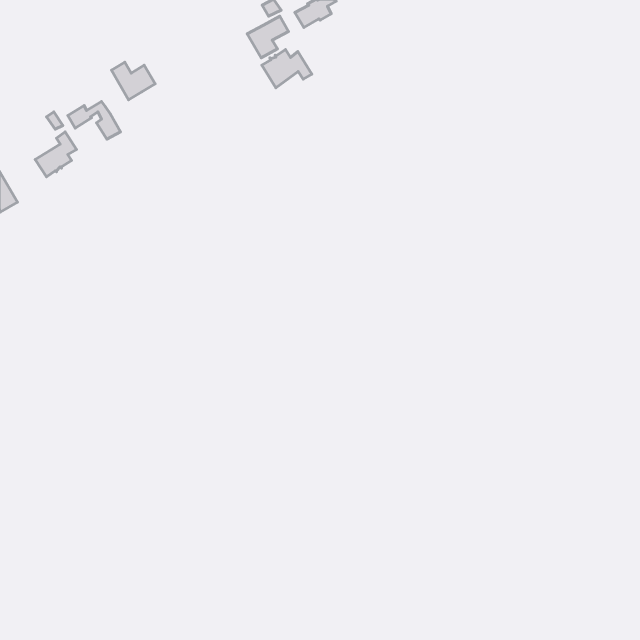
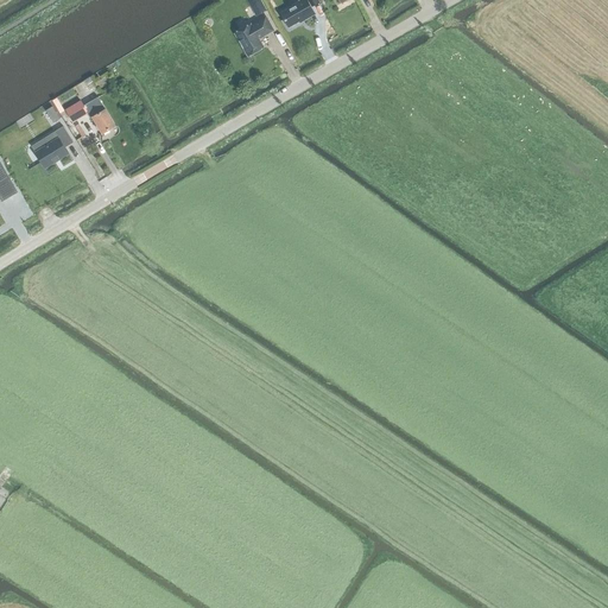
building: [262,49,312,88] -> none
building: [111,62,155,100] -> none

